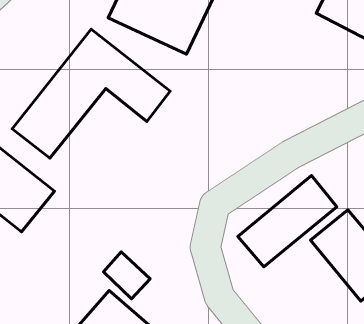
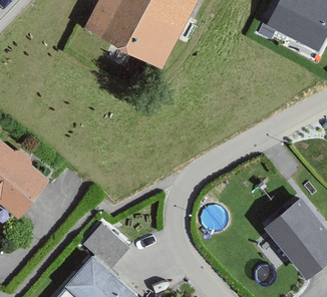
building: [12,29,170,158] -> none
building: [238,175,337,267] -> none

